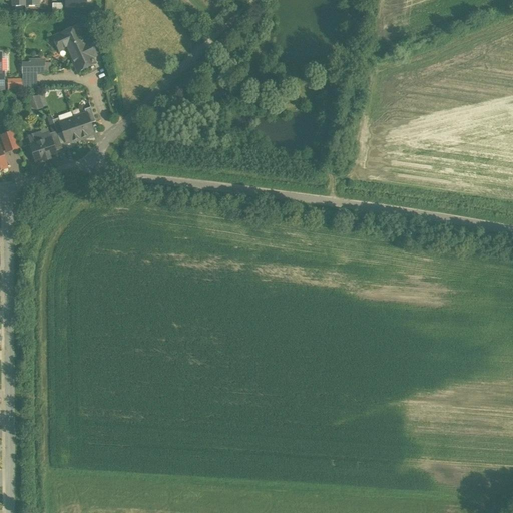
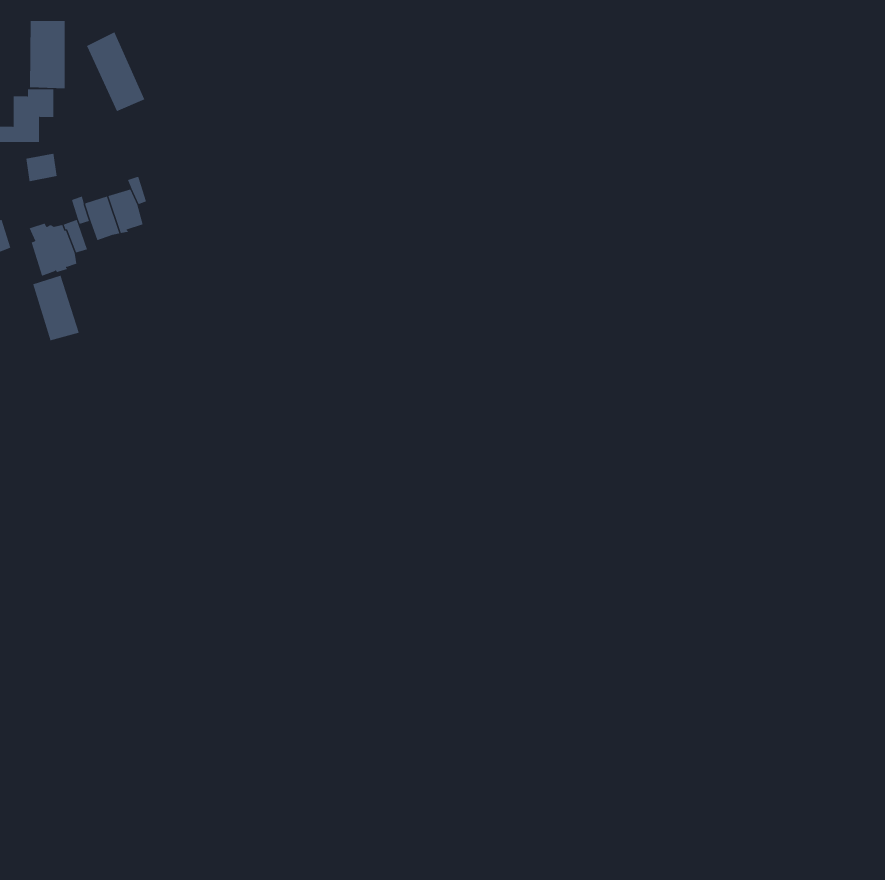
building: none -> [29,20,65,89]
building: none -> [33,275,79,341]

